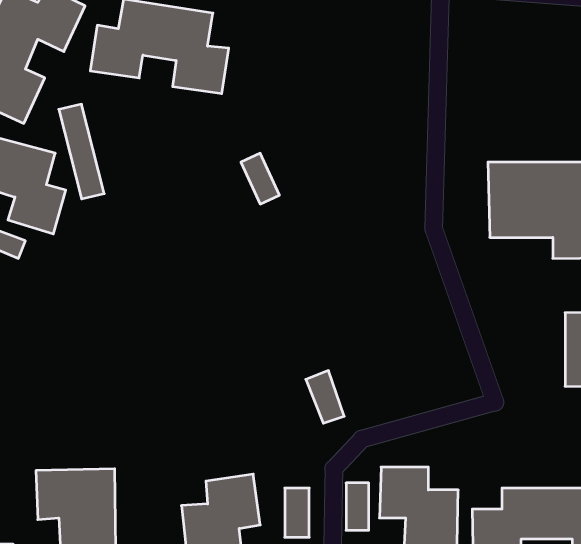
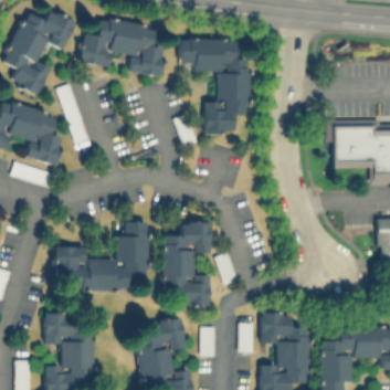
building: none -> [179,39,250,134]
building: none -> [53,222,148,292]
building: none -> [160,222,211,307]

